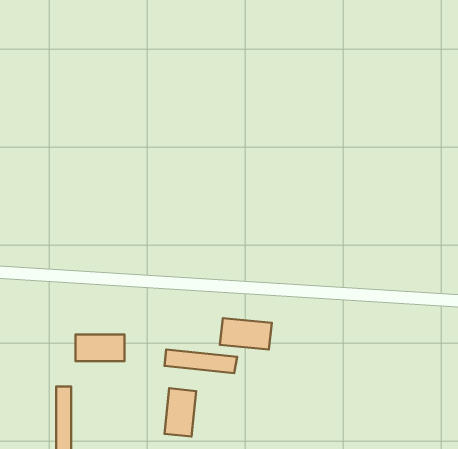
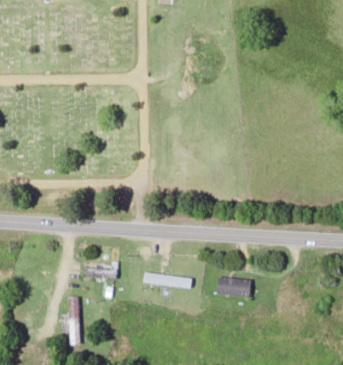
building: [220,318,272,349] -> [216,277,251,298]
building: [165,388,196,437] -> none

